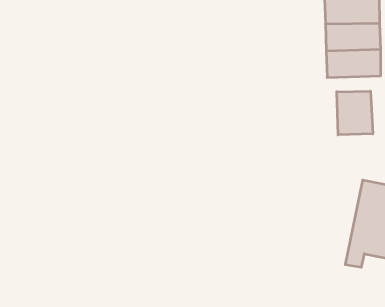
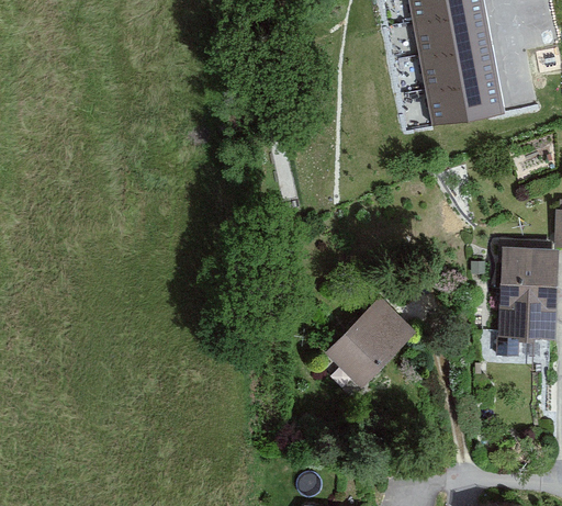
building: [337,91,373,135] -> none
building: none -> [326,296,417,387]

